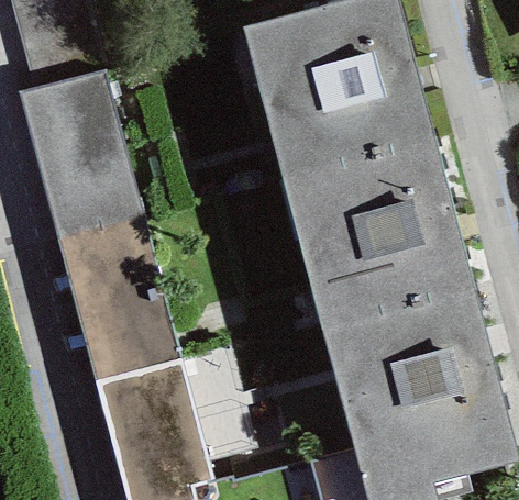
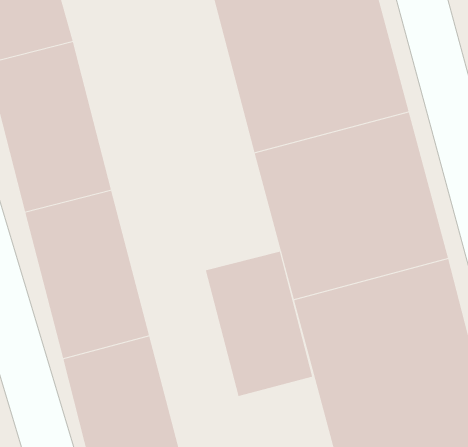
building: none -> [205,251,313,397]

